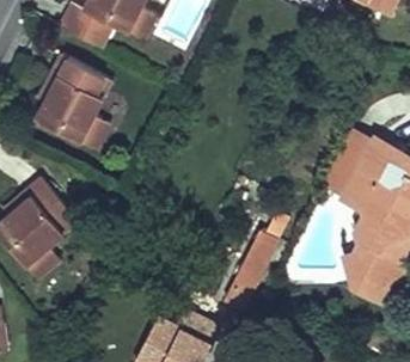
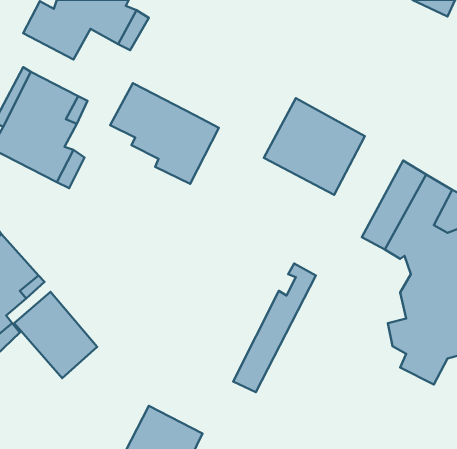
building: none -> [110,83,219,184]
building: none -> [264,98,365,195]
building: none -> [14,292,97,378]

